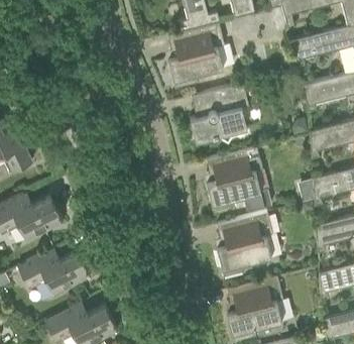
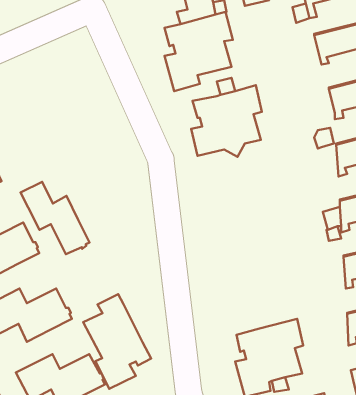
building: [206,147,271,212] -> none
building: none -> [20,182,90,254]
building: [216,212,272,276] -> none
building: none -> [83,294,151,389]

